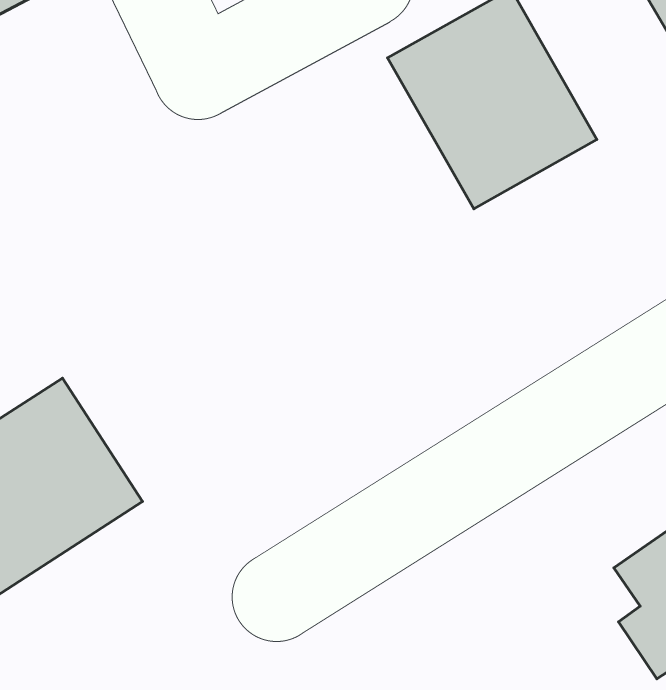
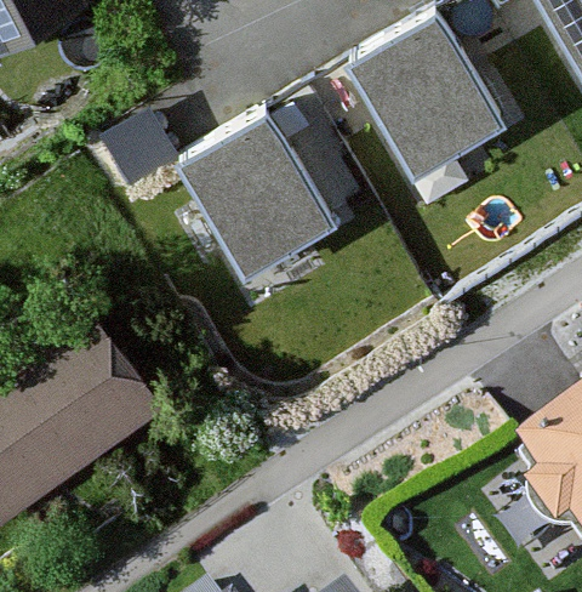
building: none -> [173,95,340,278]

